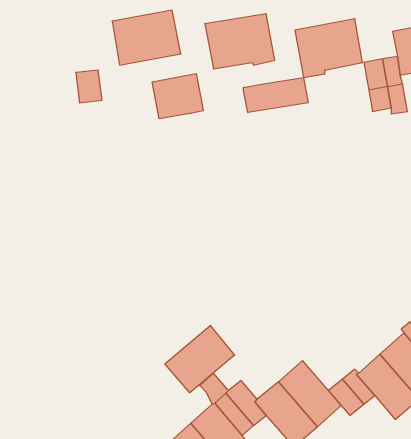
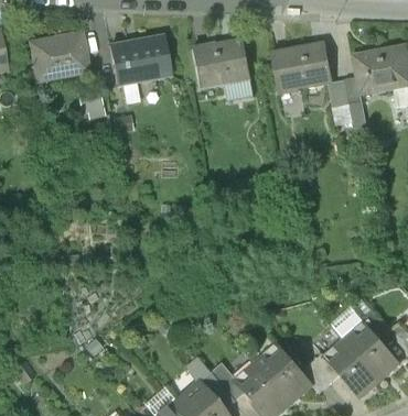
building: none -> [31,31,90,79]
building: [152,74,203,119] -> none
building: [243,78,308,113] -> none
building: [165,325,235,393] -> none

